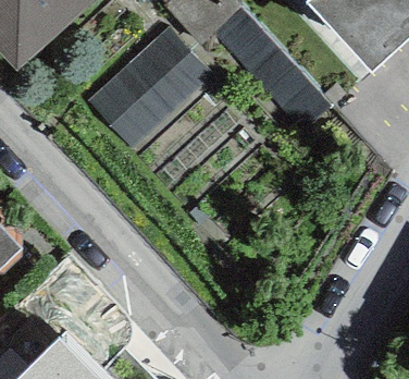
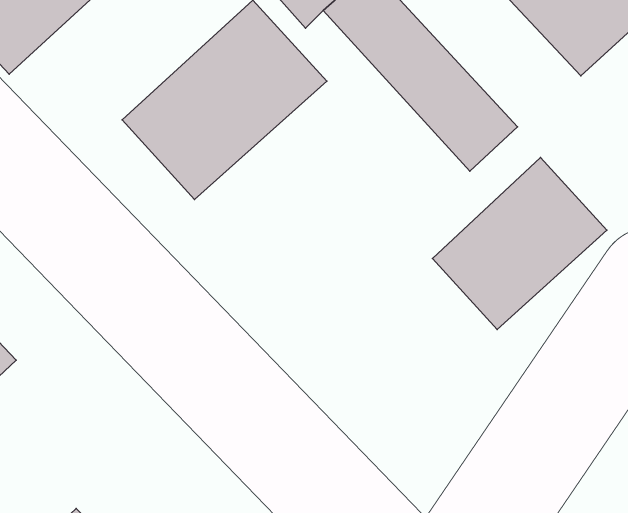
building: none -> [432,157,607,329]

